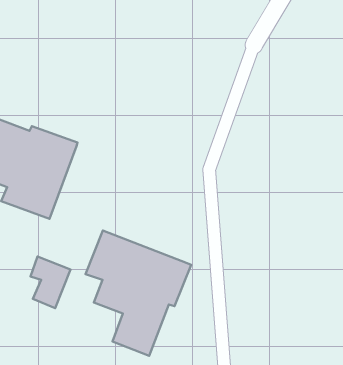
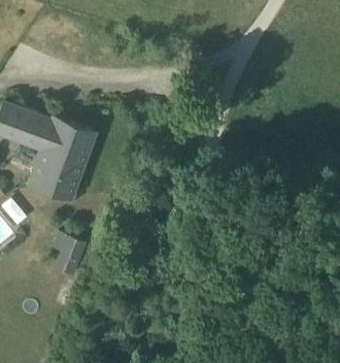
building: [86,230,191,356] -> none

